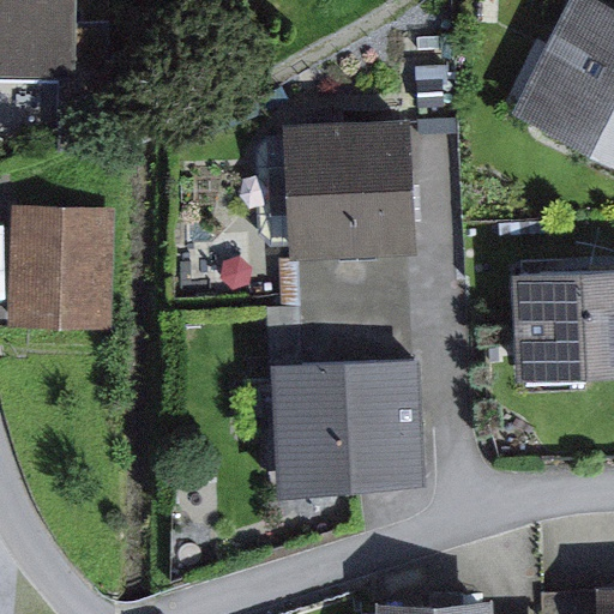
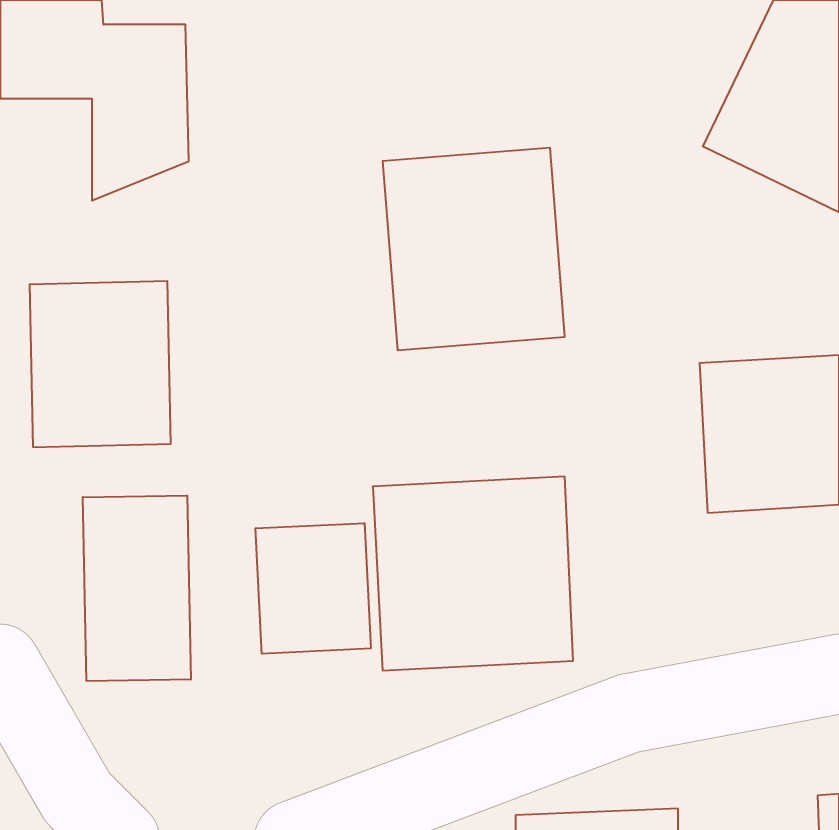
building: none -> [83,495,191,681]
building: none -> [255,523,371,654]

